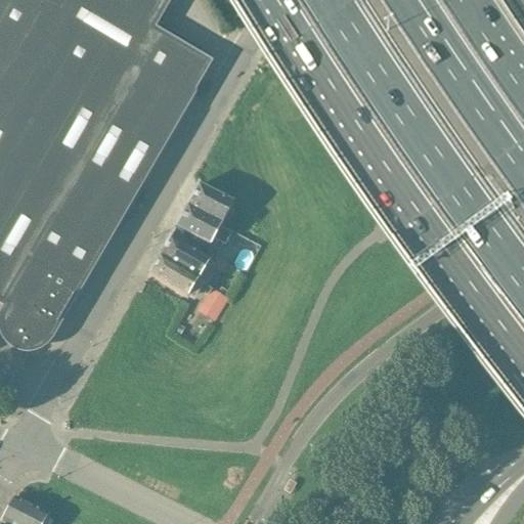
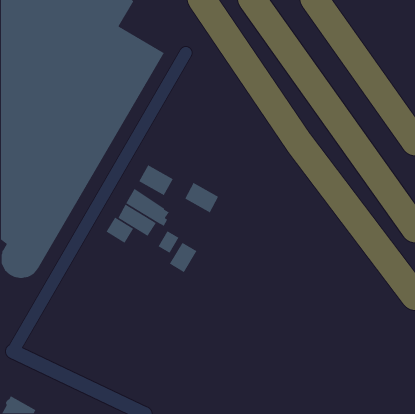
building: [186,185,230,225] -> [184,182,219,213]
building: none -> [106,217,134,244]
building: none -> [169,242,198,273]

